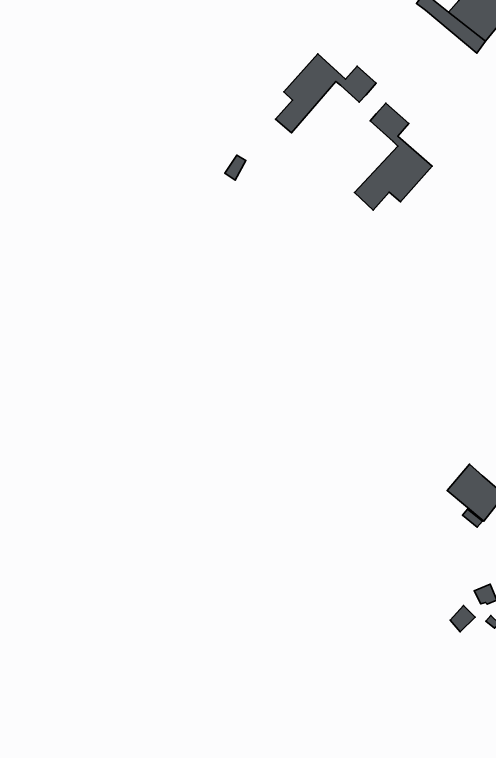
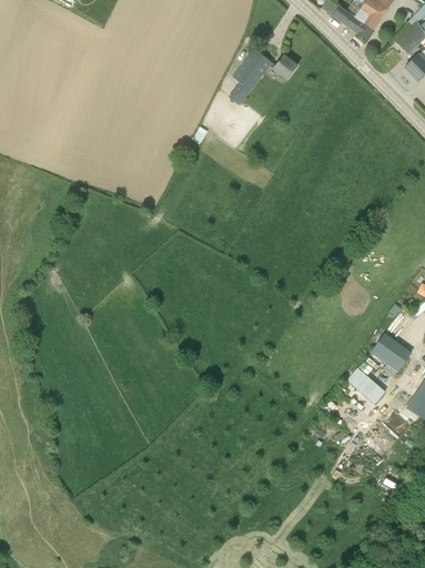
building: [354,103,432,210] -> none
building: none -> [346,366,385,403]

